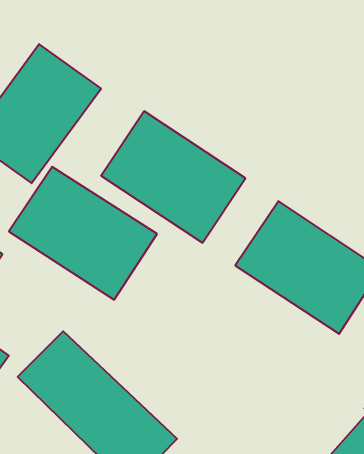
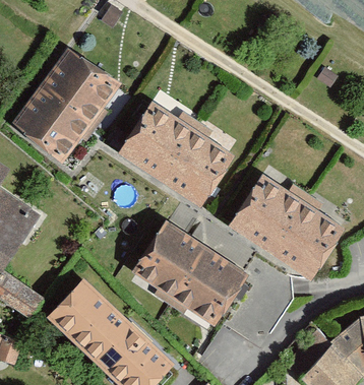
building: [9,167,157,300] -> [129,219,248,326]

